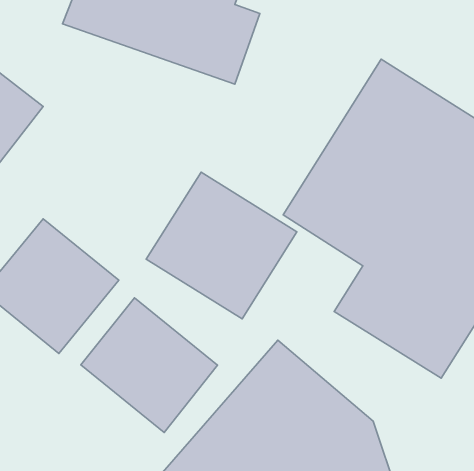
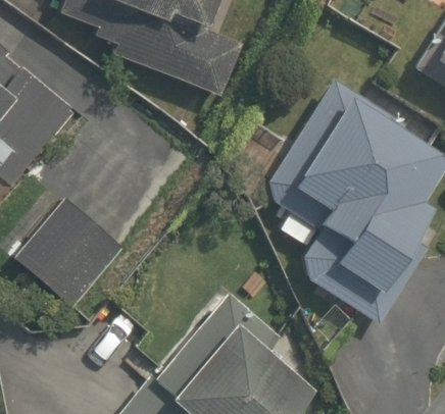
building: [146,172,297,319] -> none
building: [81,298,218,432] -> none

